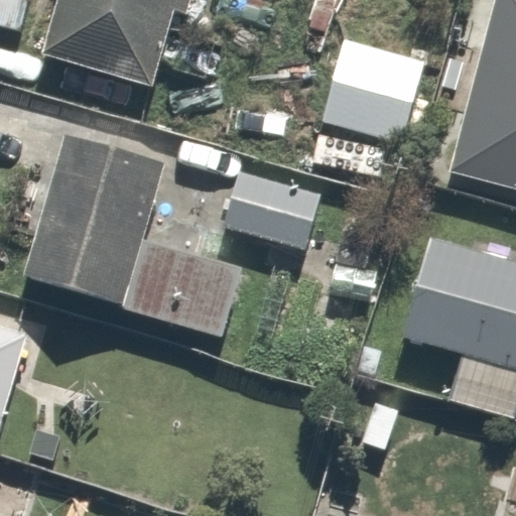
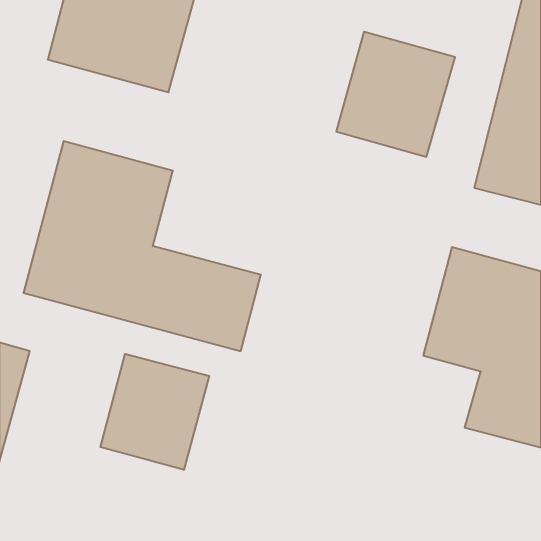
building: [219,166,327,255] -> none
building: none -> [100,354,209,470]

